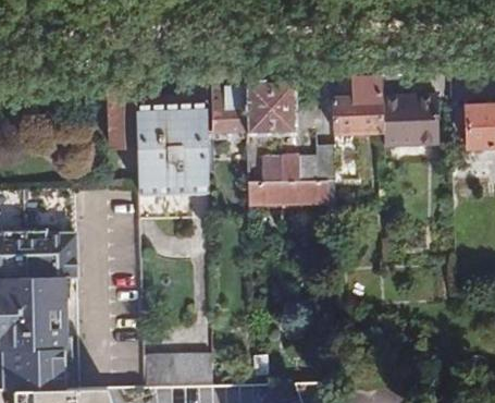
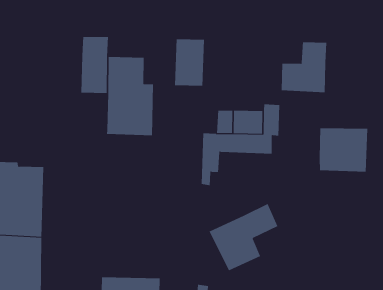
building: [244,80,295,138] -> none
building: [381,98,436,148] -> [319,128,368,172]
building: [177,105,207,193] -> none
building: none -> [209,203,278,271]

